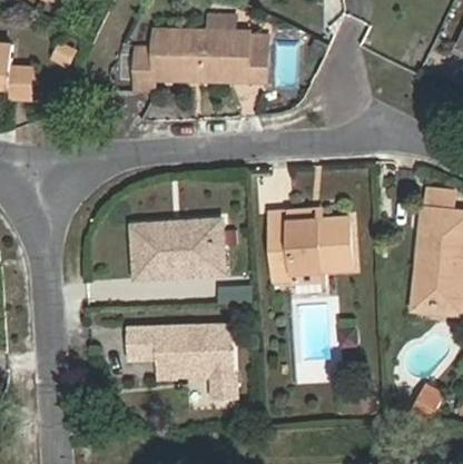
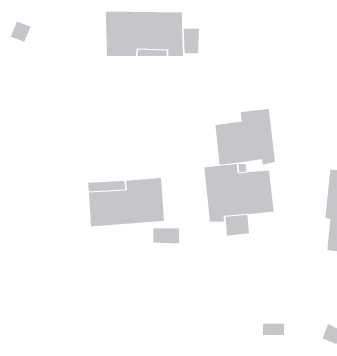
building: [135,38,159,92] -> none
building: none -> [215,108,276,166]
building: [132,330,238,405] -> none

